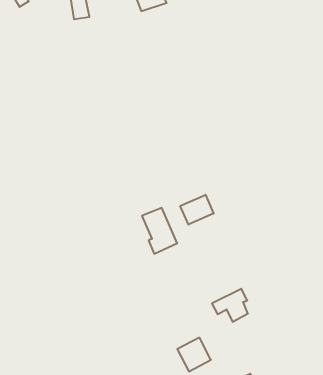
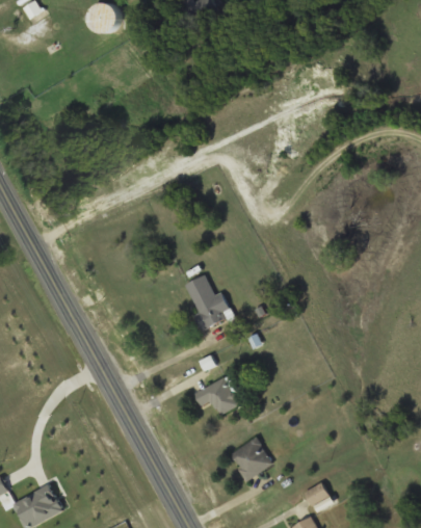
building: [180,195,214,225] -> none
building: [212,289,248,322] -> [193,374,239,416]

